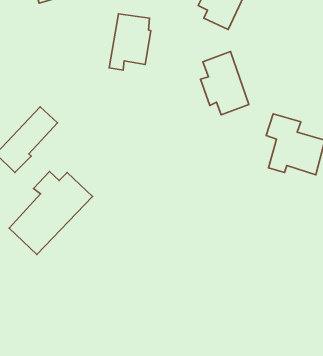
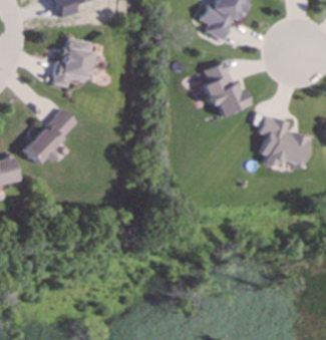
building: [109,14,151,70] -> [55,37,91,86]
building: [9,171,92,254] -> none

